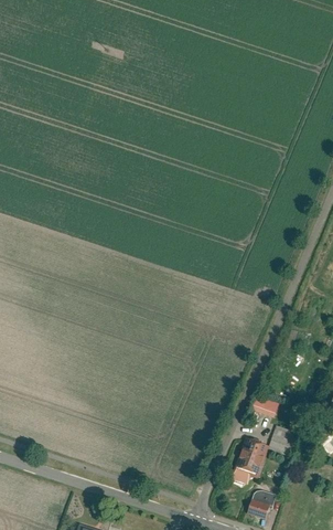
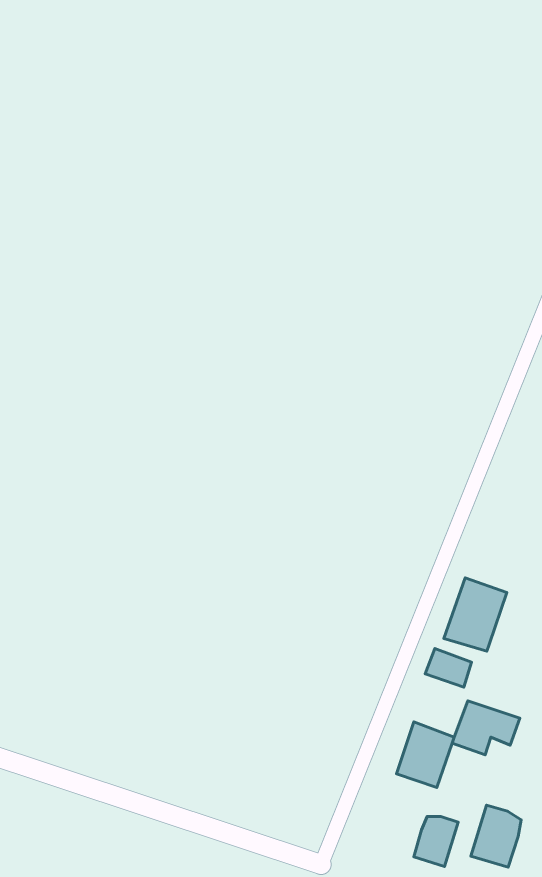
building: none -> [444,578,507,651]
building: none -> [471,805,521,867]

